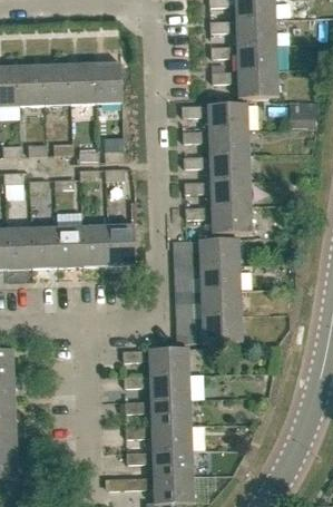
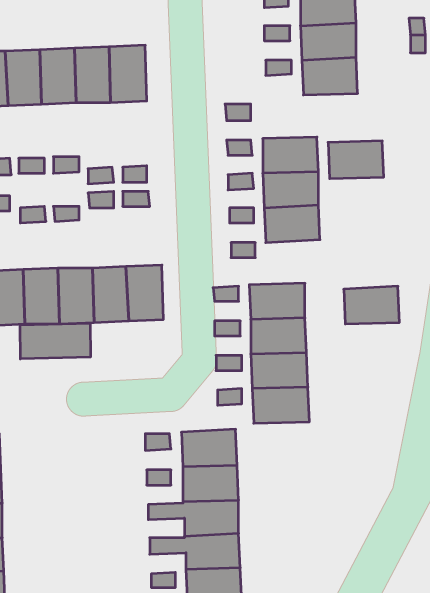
building: [207,103,248,130] -> [328,141,384,179]
building: [210,205,252,233] -> [344,286,399,324]
building: none -> [20,323,90,359]

